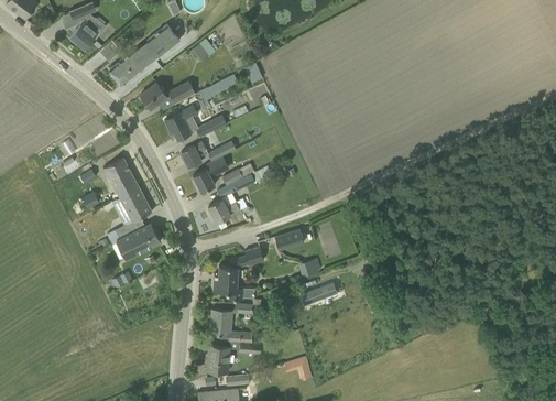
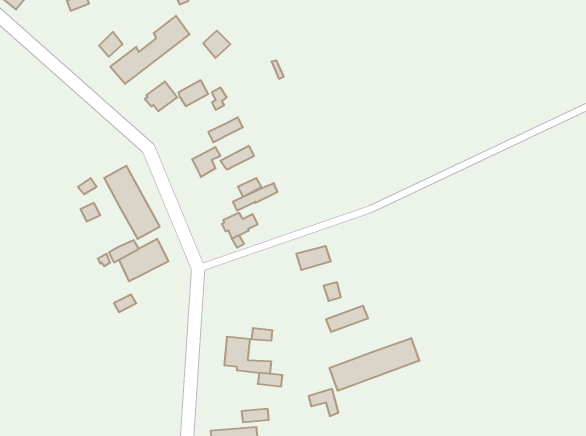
building: [70,19,101,48] -> none
building: [164,106,197,141] -> none
building: [193,160,221,192] -> none
building: [212,248,263,300] -> none
building: none -> [329,338,419,391]
building: [205,344,230,373] -> none

